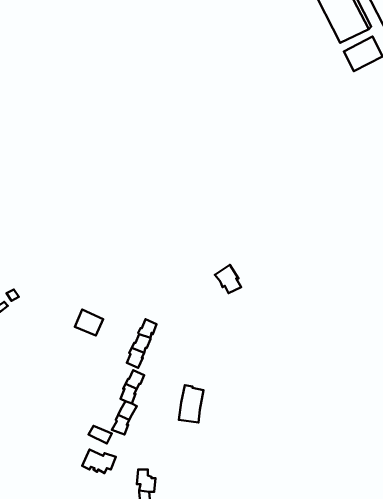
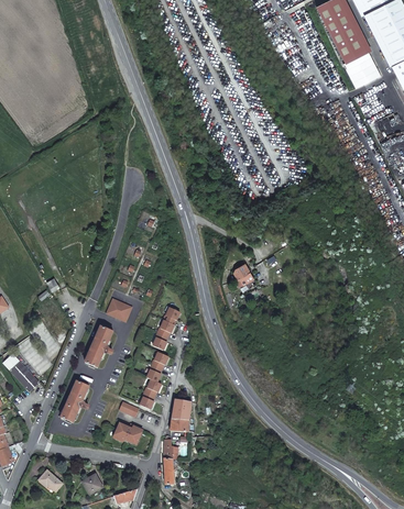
building: none -> [84,325,112,367]
building: [179,385,204,422] -> [170,399,192,432]
building: none -> [61,380,88,421]

